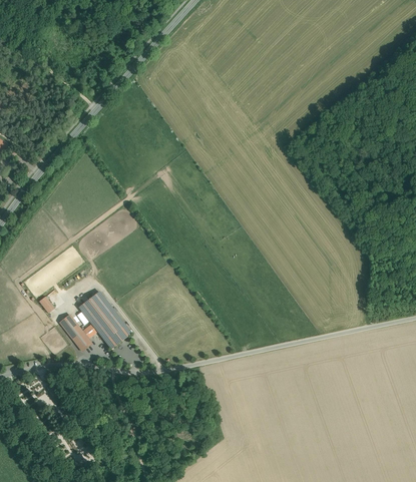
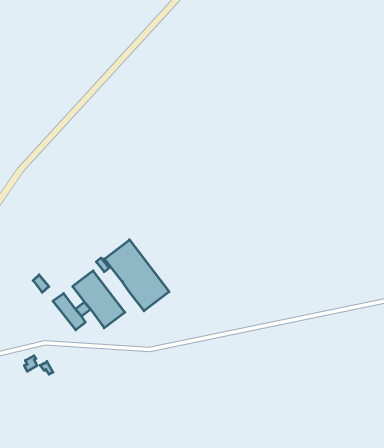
building: none -> [104,240,169,311]

